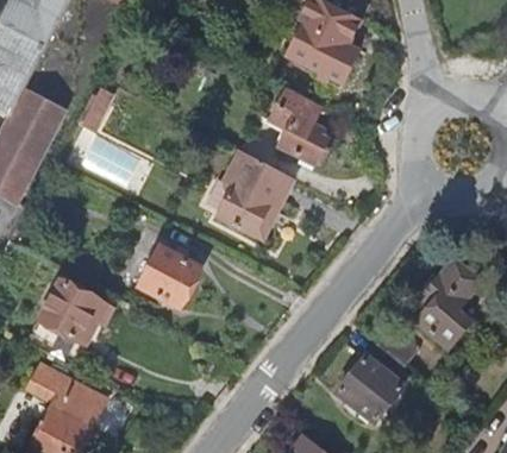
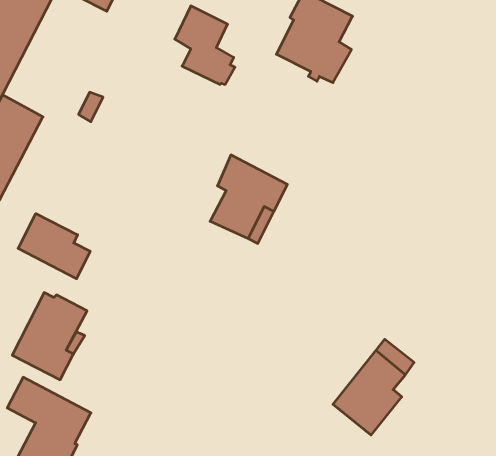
building: [270,88,328,164] -> [175,6,235,84]
building: none -> [18,214,90,279]
building: [145,238,208,300] -> none
building: [419,258,483,347] -> none

